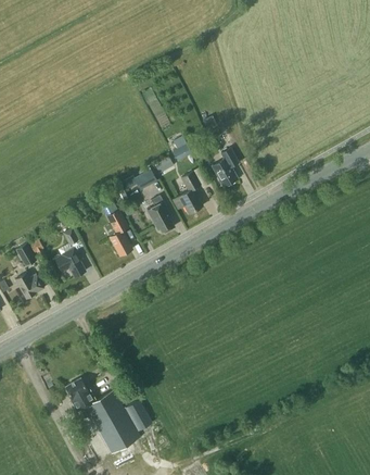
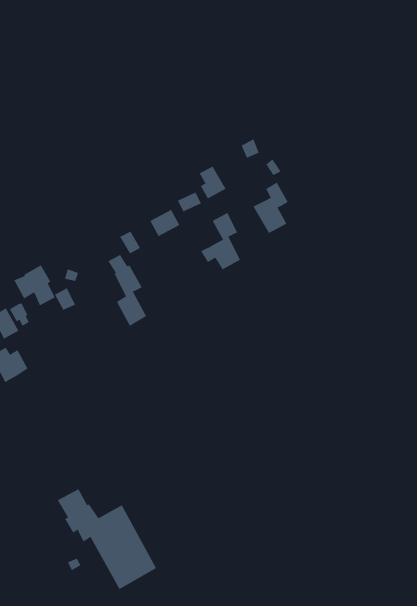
building: [146,196,174,234] -> none
building: [54,247,86,278] -> [14,264,56,306]
building: [125,399,153,430] -> none

